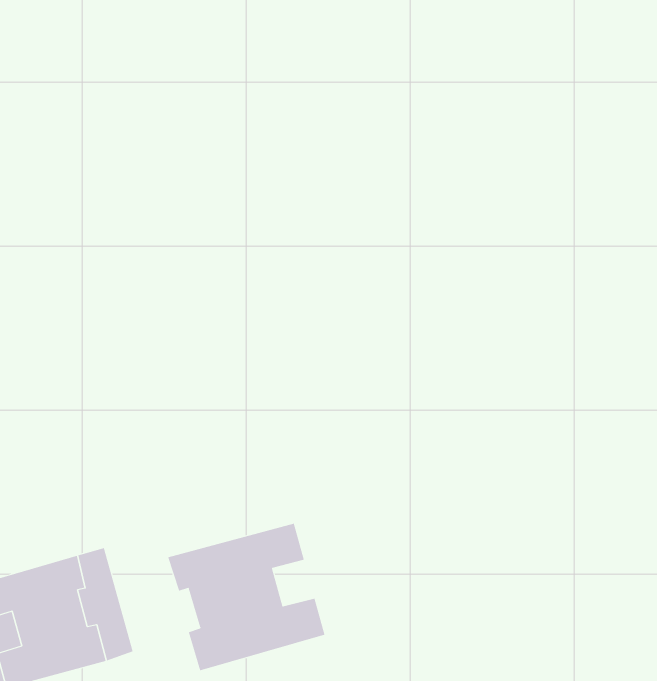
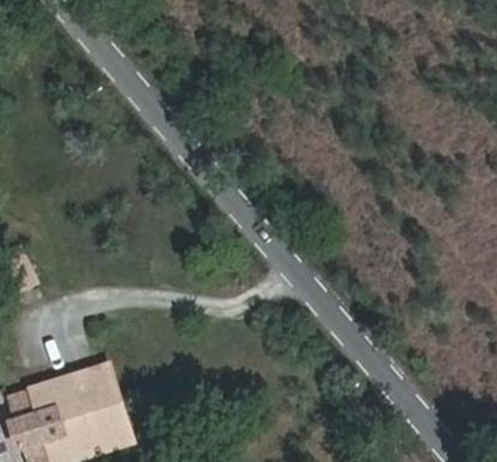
building: [167,523,325,671] -> none

